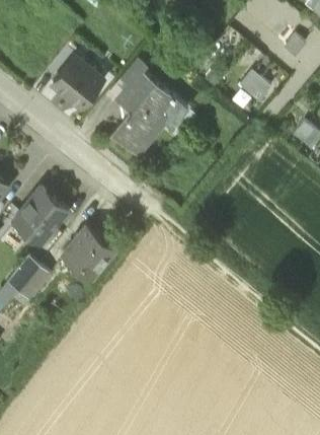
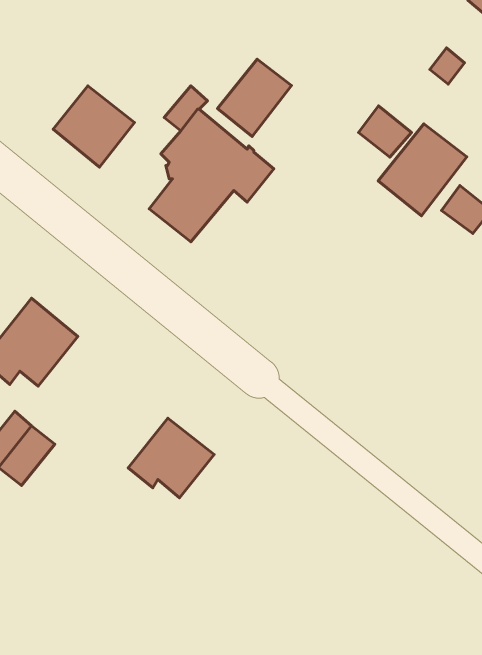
building: none -> [218,59,291,137]
building: none -> [378,124,467,216]
building: [63,226,115,275] -> [128,418,214,498]

